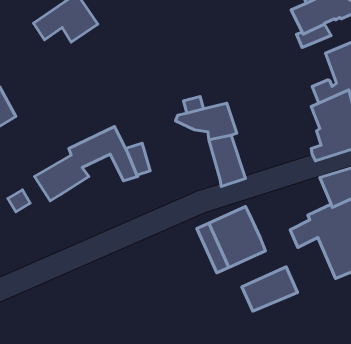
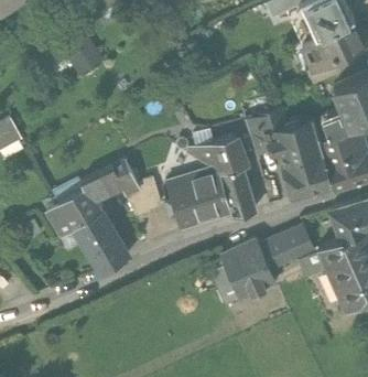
building: none -> [245,110,331,196]
building: none -> [165,165,230,228]
building: none -> [73,209,129,273]
building: [242,267,297,311] -> [259,226,314,270]

